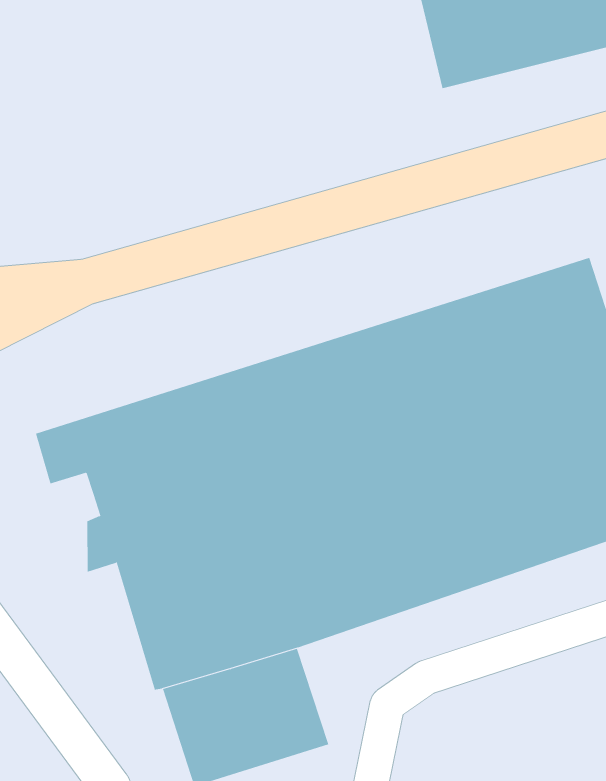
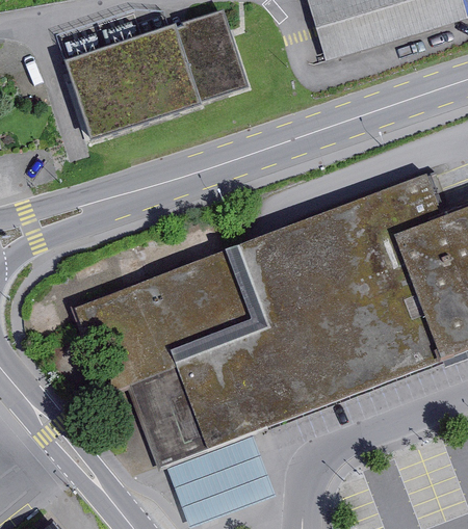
building: none -> [64,16,246,149]

